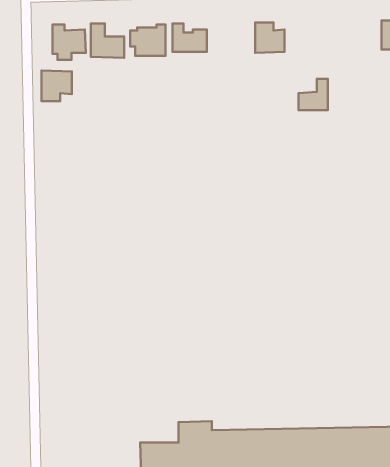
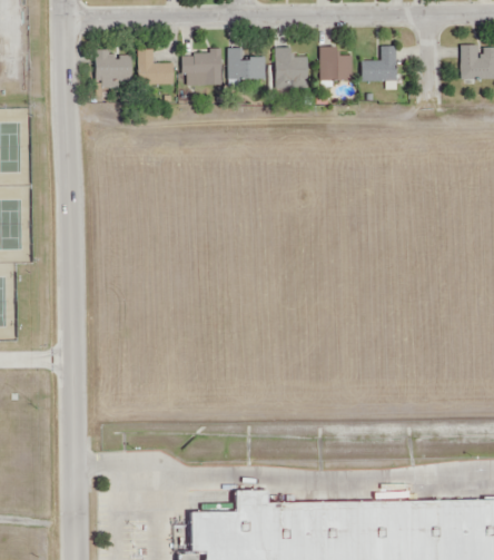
building: none -> [275,50,309,88]
building: [41,71,72,101] -> none
building: [299,79,328,110] -> [362,48,394,82]

